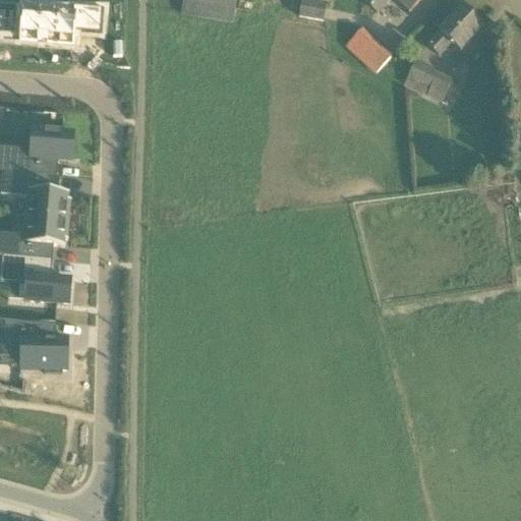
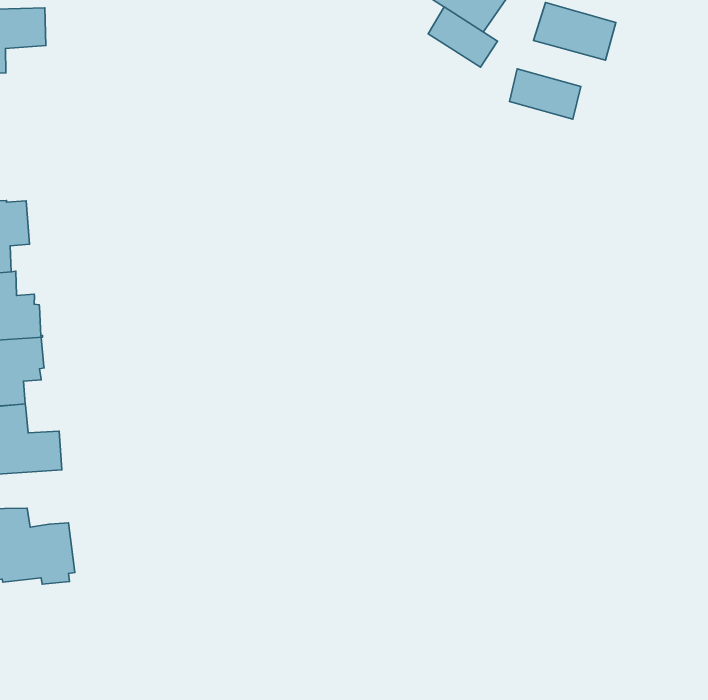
building: none -> [428,7,497,67]
building: none -> [509,69,581,119]

